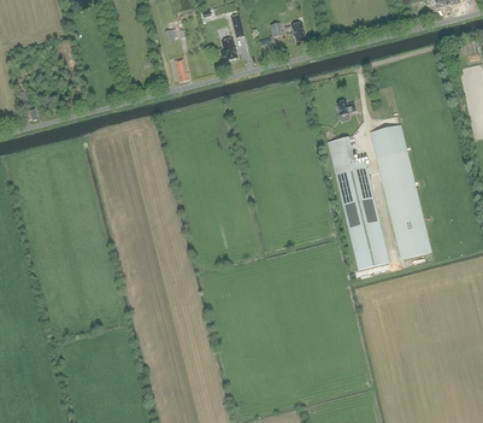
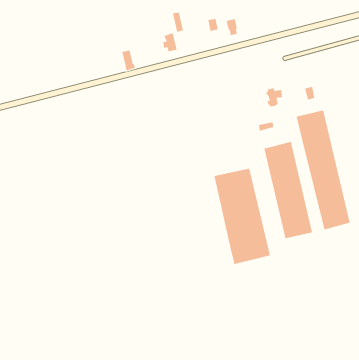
building: none -> [214,168,270,265]

